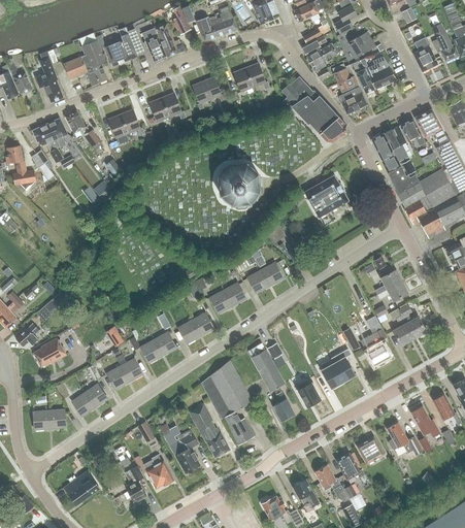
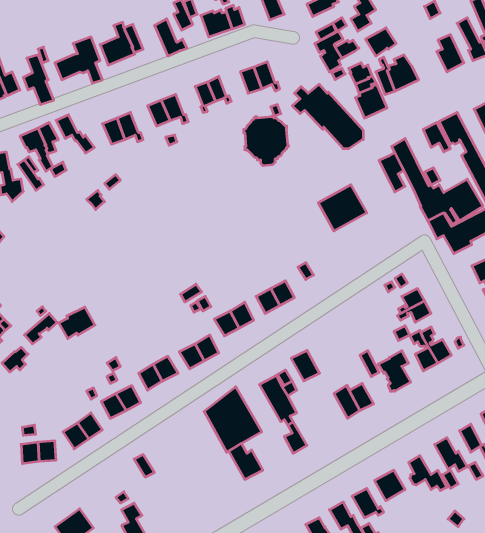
building: [141,27,166,60] -> none
building: [384,125,407,161] -> [379,153,405,192]
building: [219,163,260,208] -> [244,116,289,166]
building: [33,337,66,366] -> [59,307,95,339]
building: [295,377,321,405] -> [291,350,320,381]
building: [189,402,229,456] -> none
building: [164,425,199,472] -> none
building: [138,454,173,487] -> none

